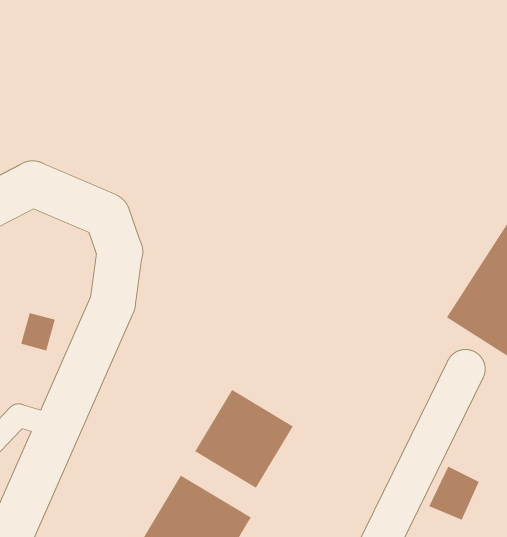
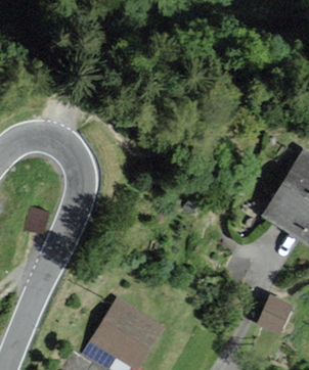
building: [194,389,294,489] -> none

